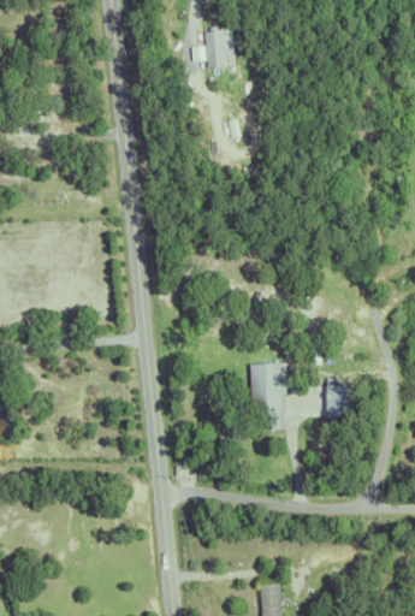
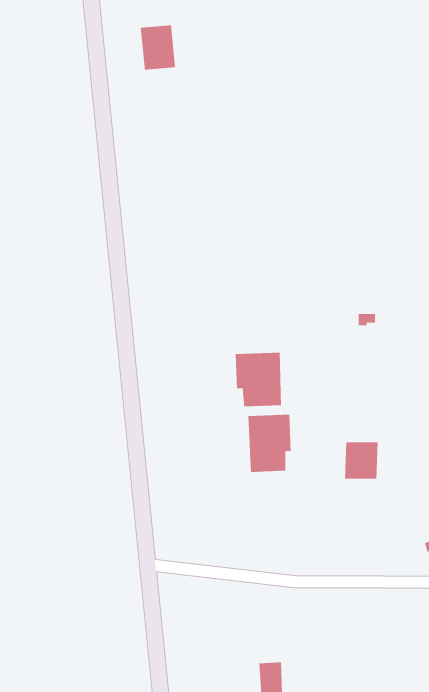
building: [203,28,235,67] -> [140,25,176,70]
building: none -> [235,352,282,407]

